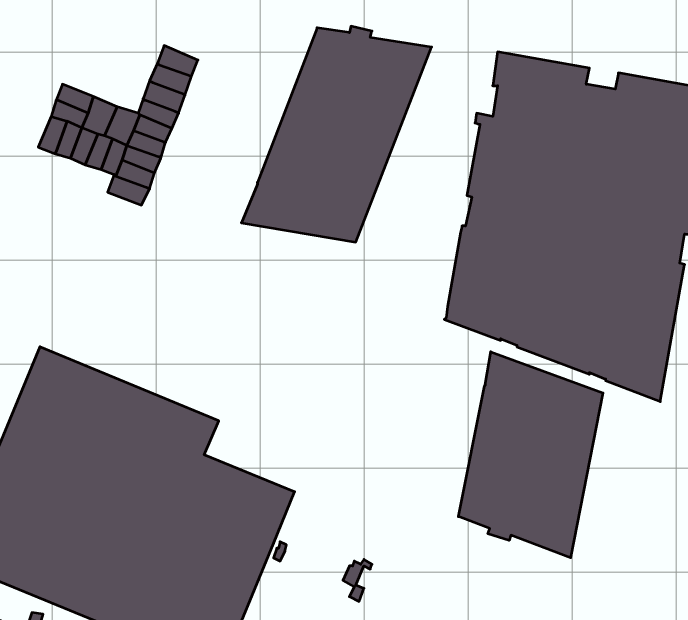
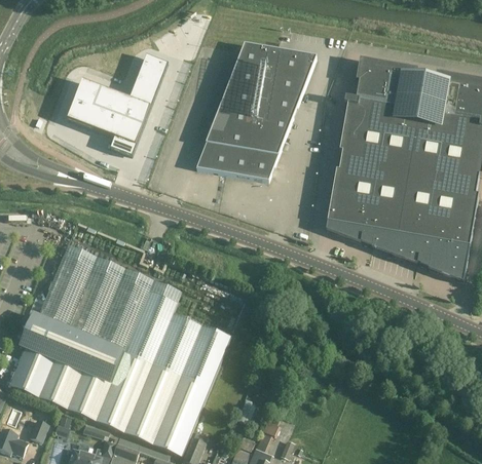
building: [458,352,603,558] -> none

